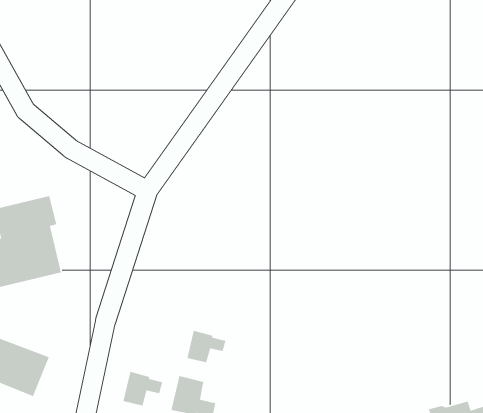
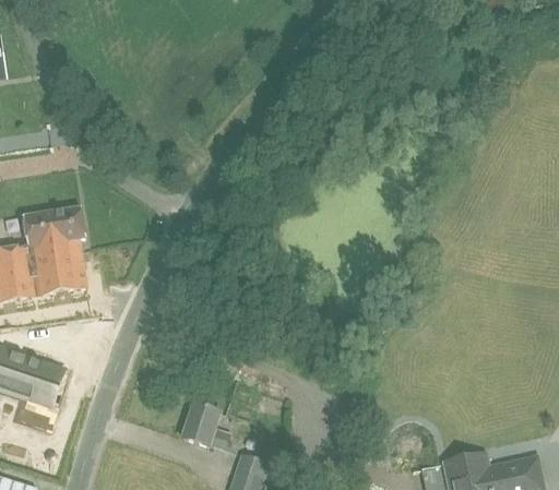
building: [186,330,226,363] -> none
building: [123,371,163,406] -> none

